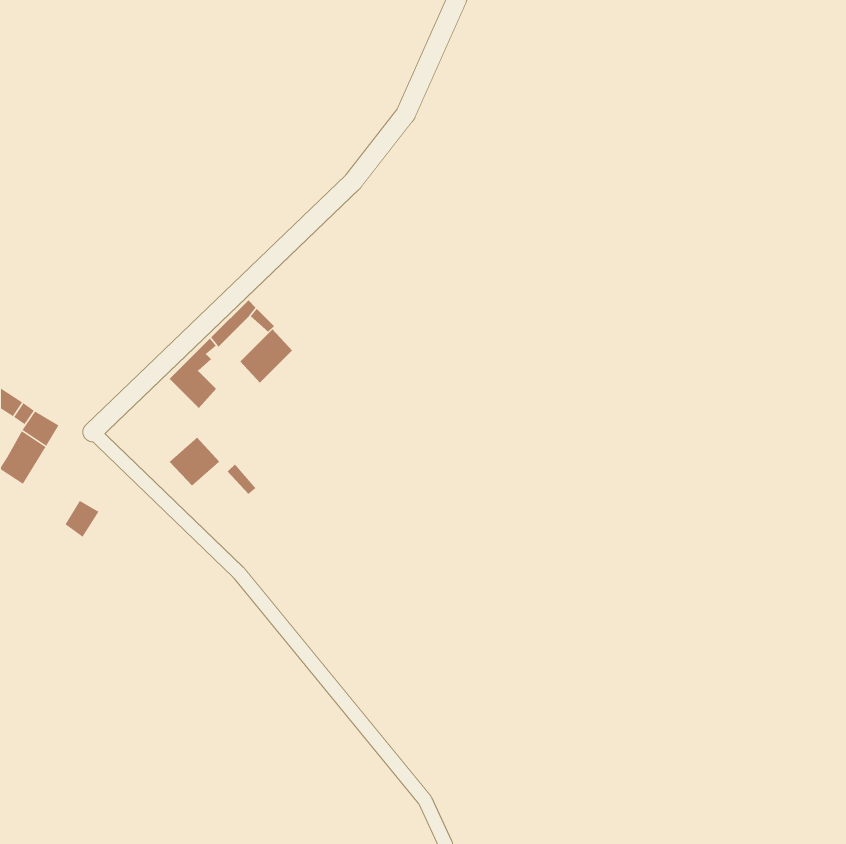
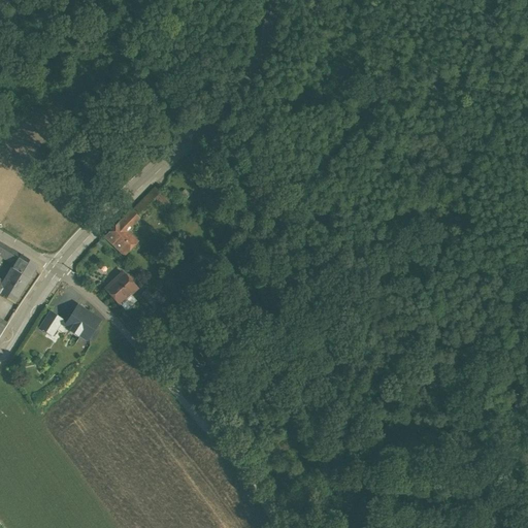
building: [239,328,293,383] -> none
building: none -> [67,307,98,336]

